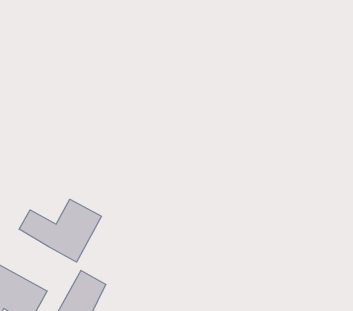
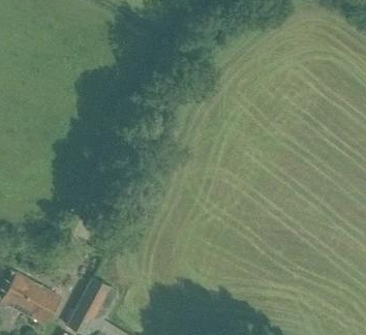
building: [19,199,101,262] -> none

